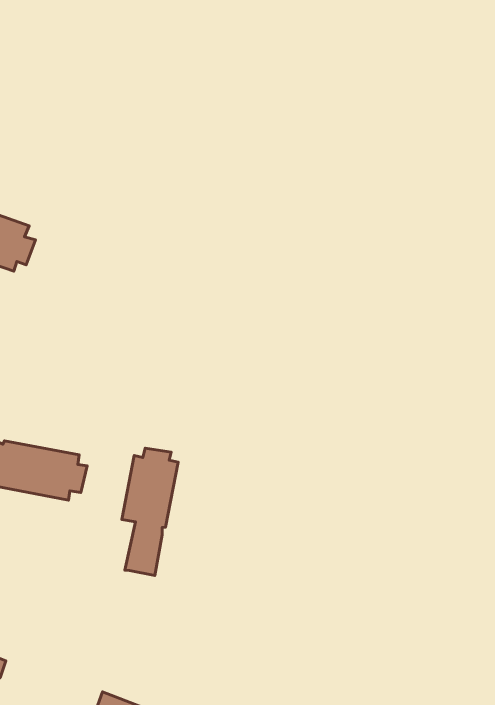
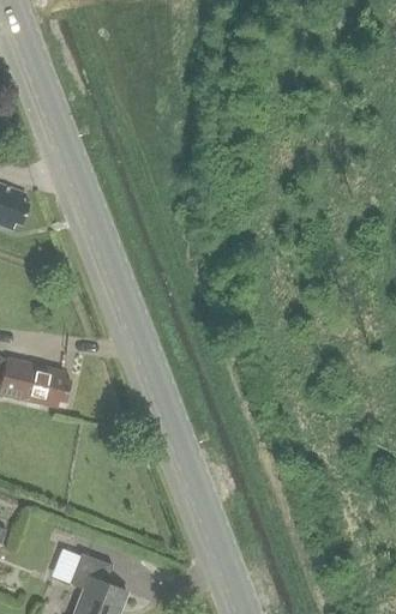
building: [122,448,178,576] -> none

